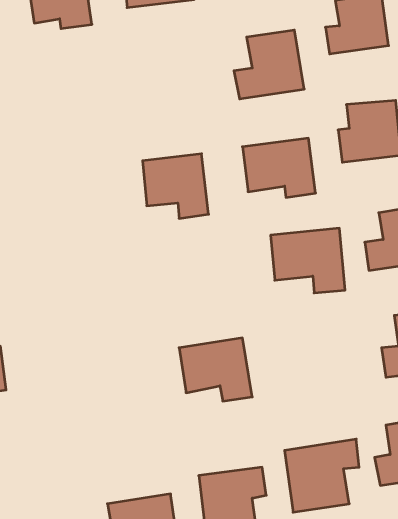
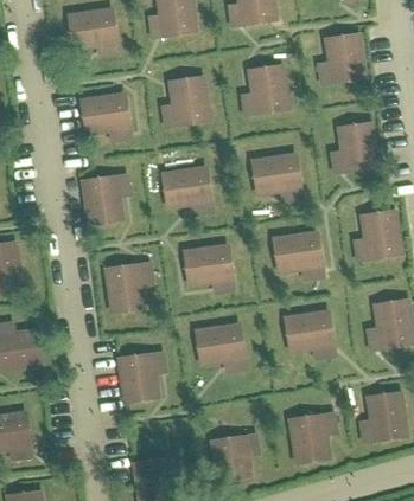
building: none -> [157,73,214,130]
building: none -> [82,95,134,144]
building: none -> [81,173,134,224]
building: none -> [180,242,238,296]
building: none -> [98,258,159,316]
building: none -> [282,309,338,359]
building: none -> [115,349,170,402]

